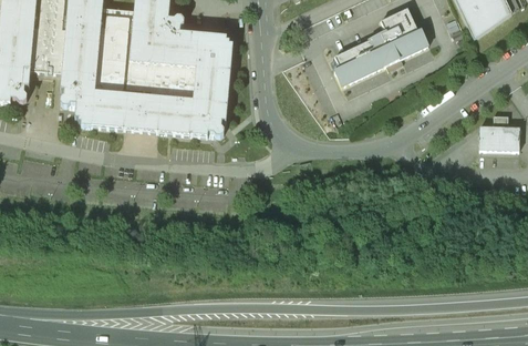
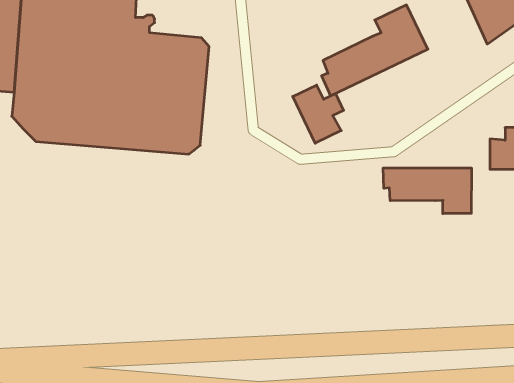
building: none -> [293,85,344,143]
building: none -> [383,168,471,214]

